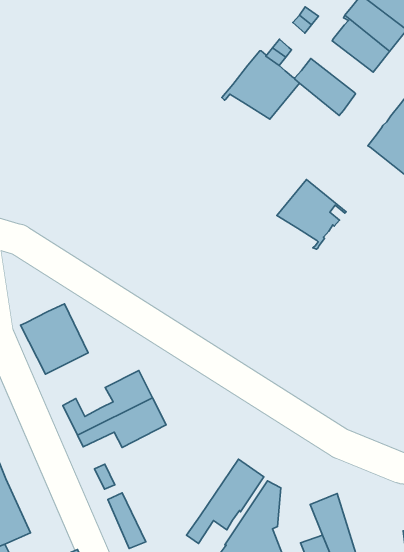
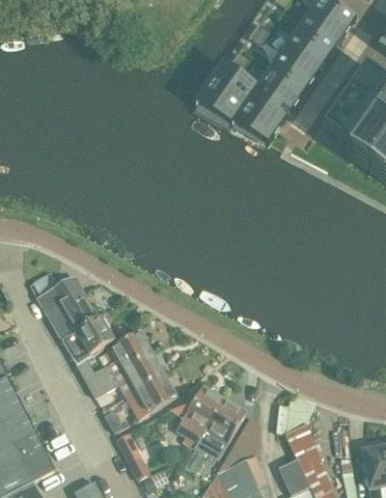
building: none -> [265,50,316,92]
building: [277,180,346,249] -> [233,86,291,143]
building: none -> [60,316,112,363]
building: none -> [127,375,174,418]
building: none -> [169,386,223,448]

